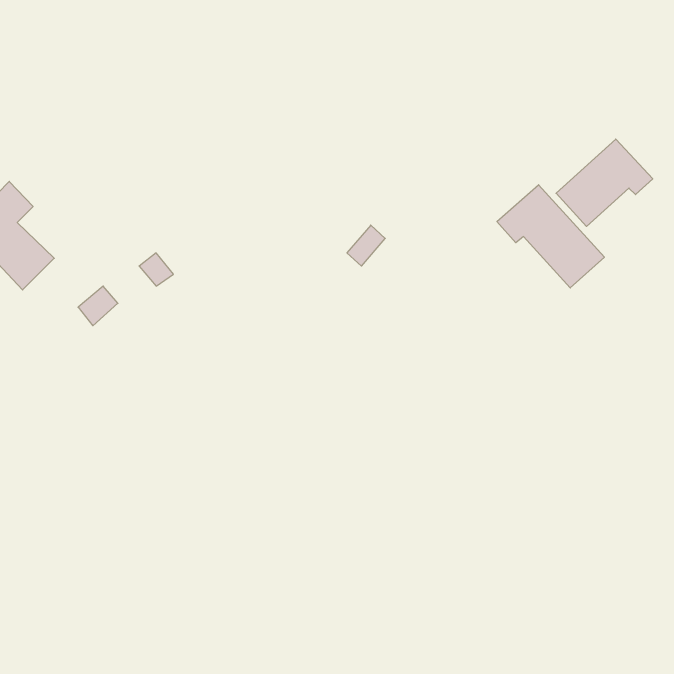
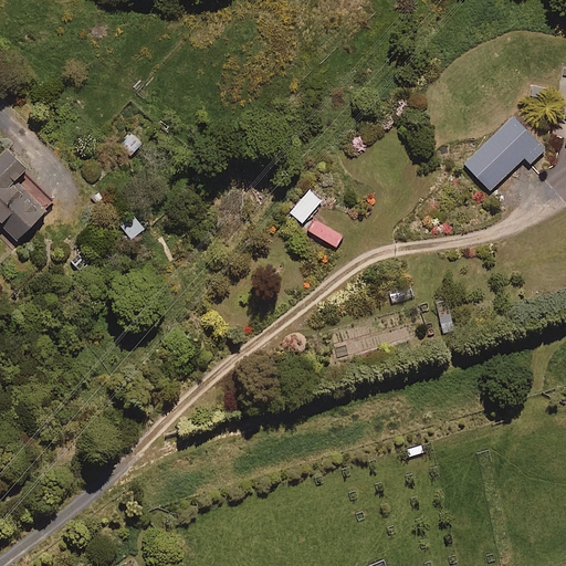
building: [497,185,604,288] -> none

